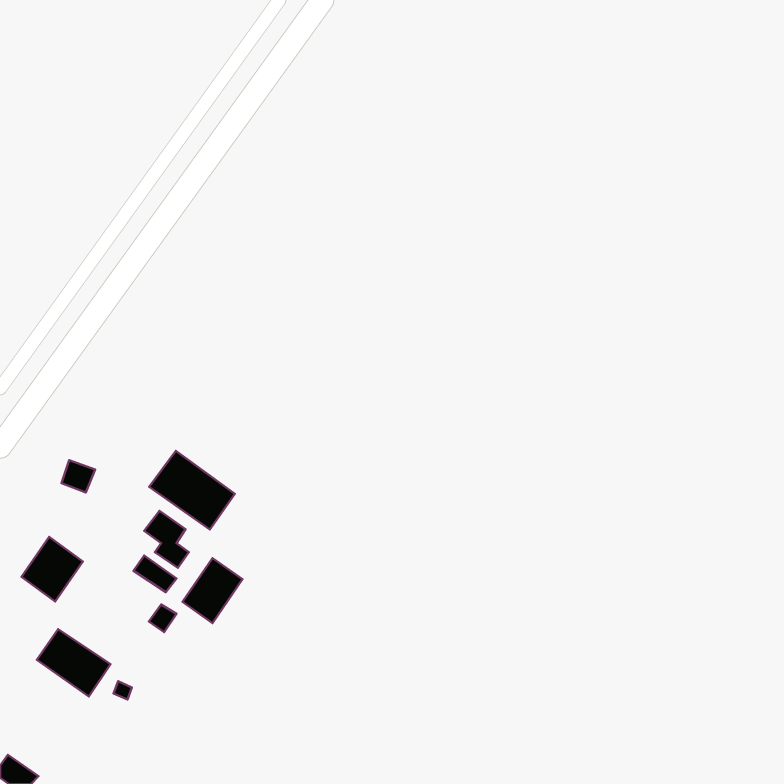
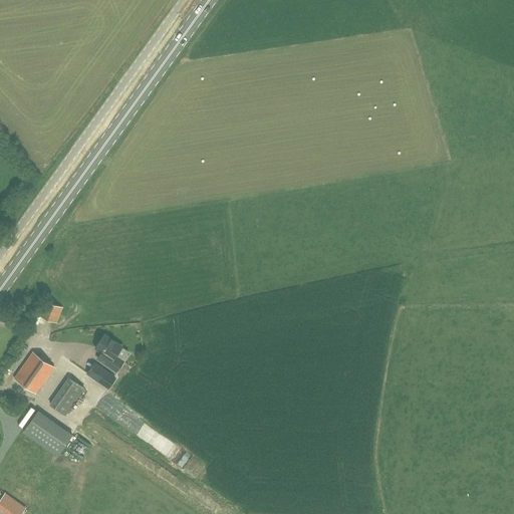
building: [149,451,235,529] -> none
building: [182,558,242,623] -> none
building: none -> [50,377,84,415]

